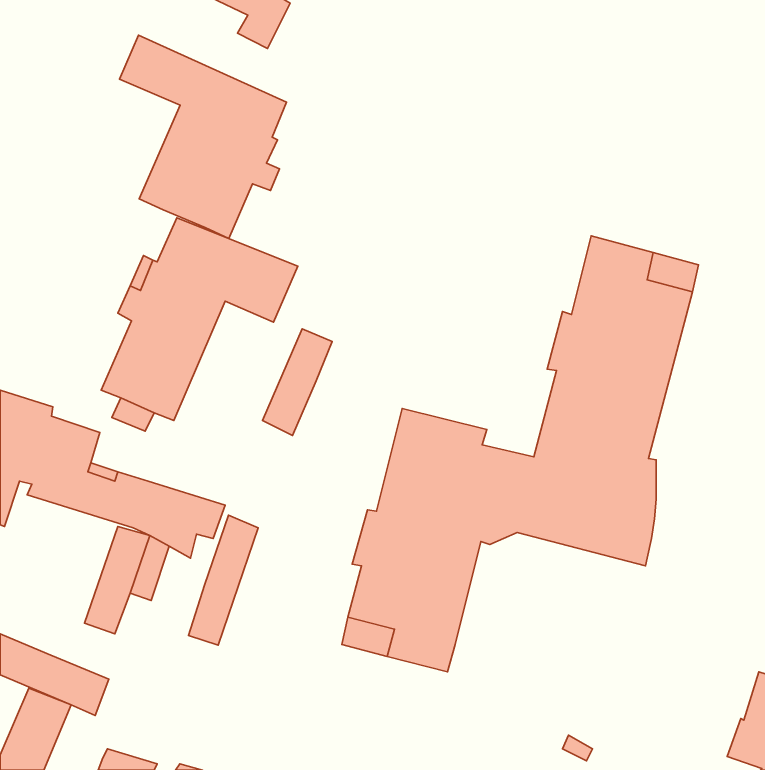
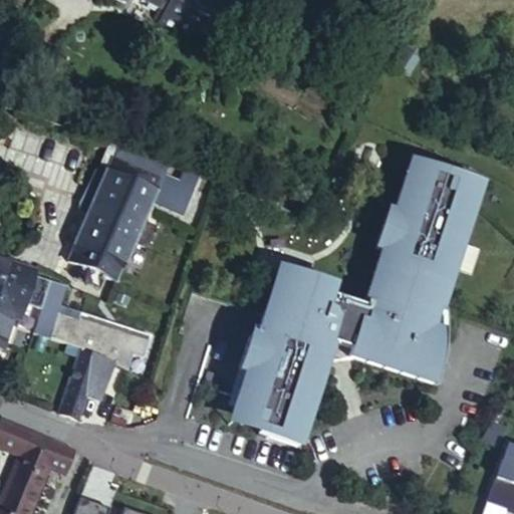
building: [119,35,287,239] -> none
building: [263,329,332,435] -> none
building: [188,515,258,645] -> none

